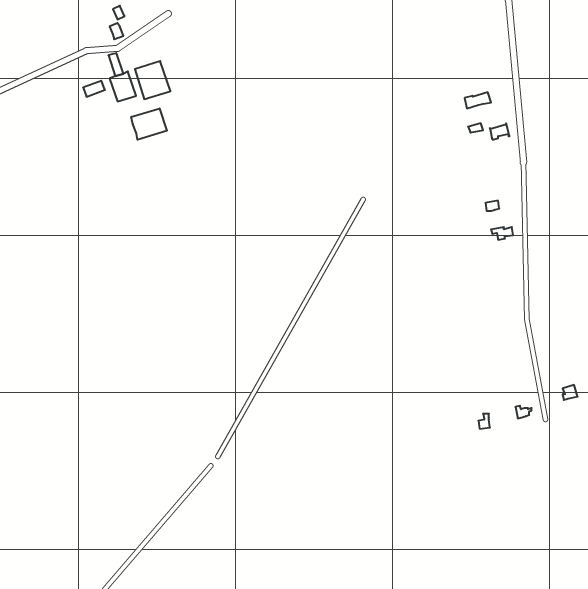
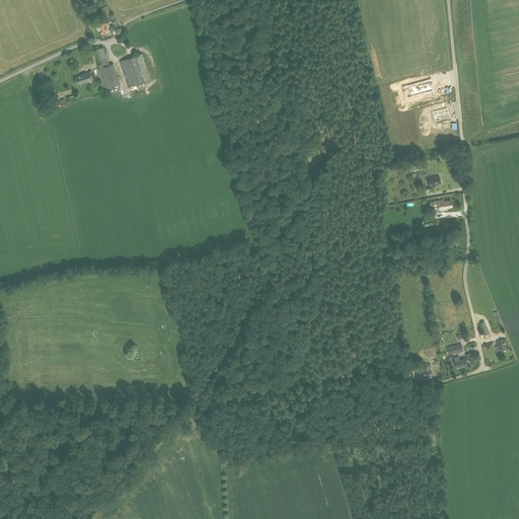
building: [131,108,167,140] -> none

